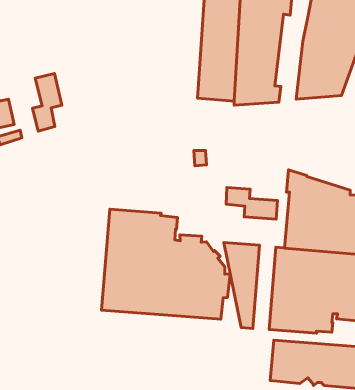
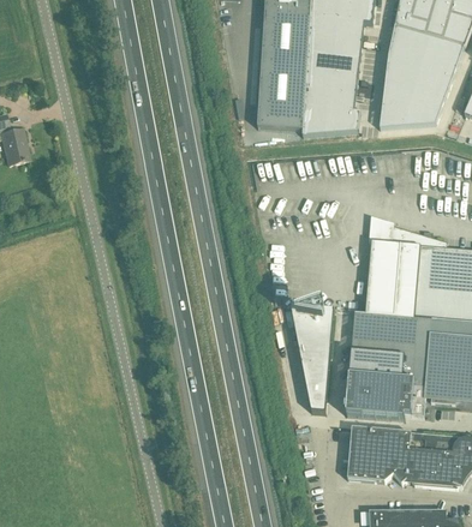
building: [32,73,62,131] -> none
building: [226,188,278,219] -> none
building: [102,209,230,319] -> none

